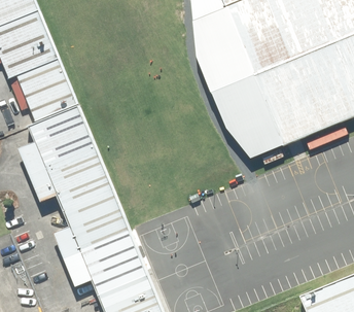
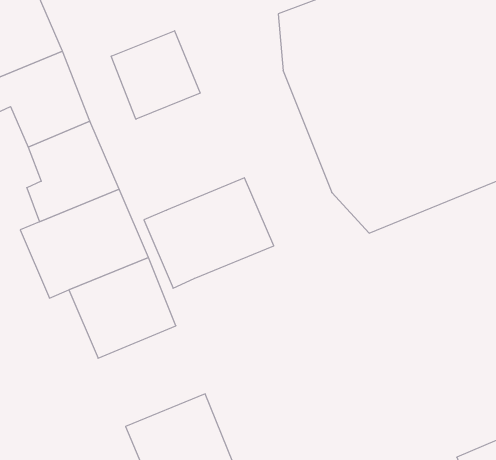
building: none -> [111,31,200,119]
building: [59,213,141,283] -> [144,178,274,288]

